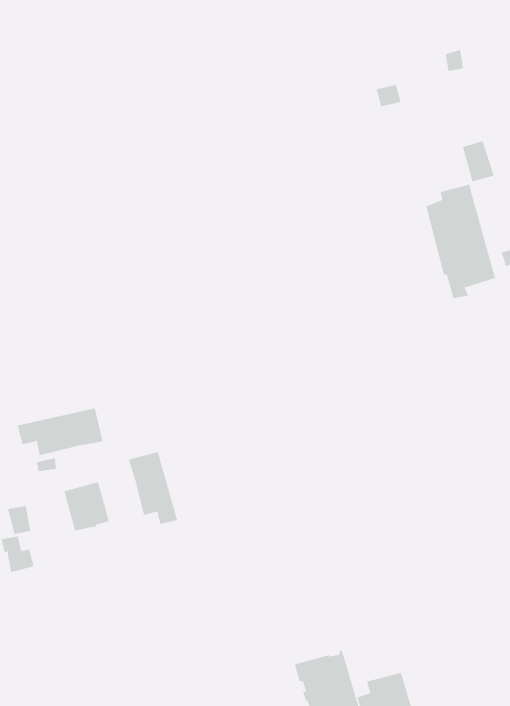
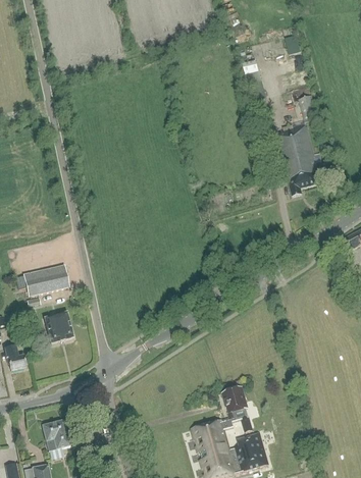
building: [128,451,178,525] -> none
building: none -> [221,386,253,431]
building: none -> [42,420,70,450]

